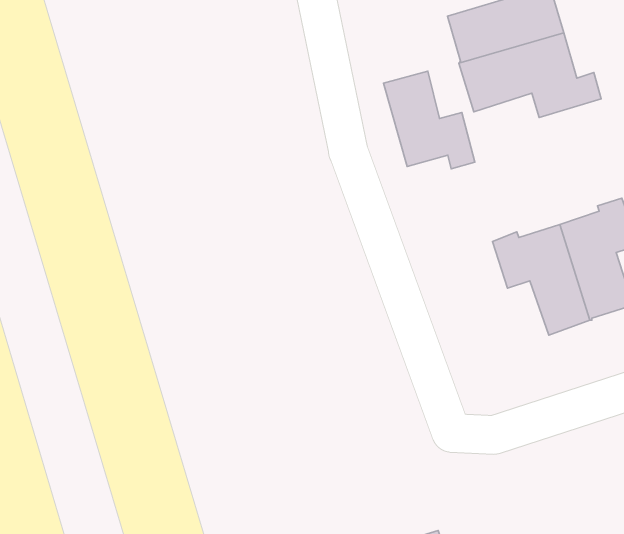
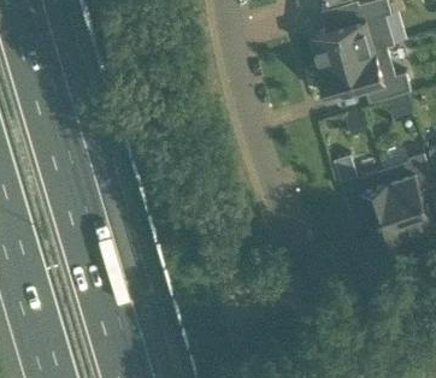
building: [383,71,475,169] -> none

